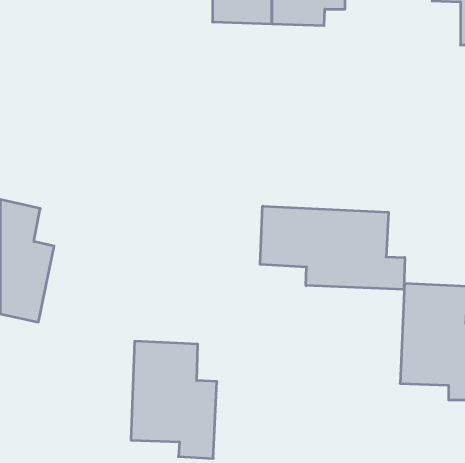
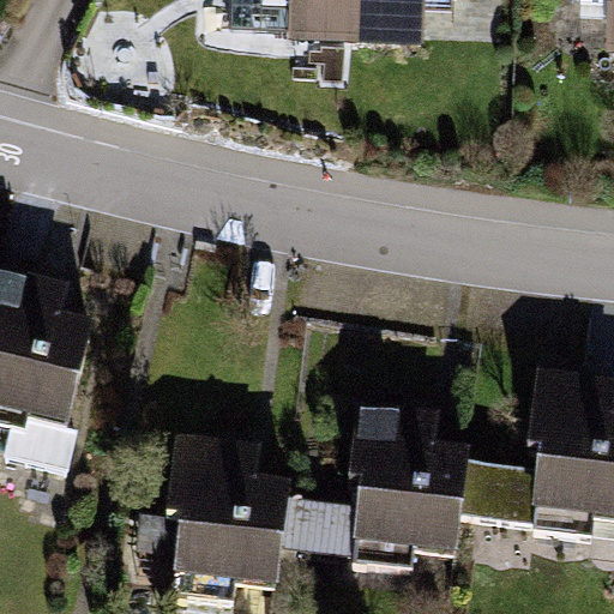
building: [260,206,405,290] -> none
building: none -> [348,405,460,559]

